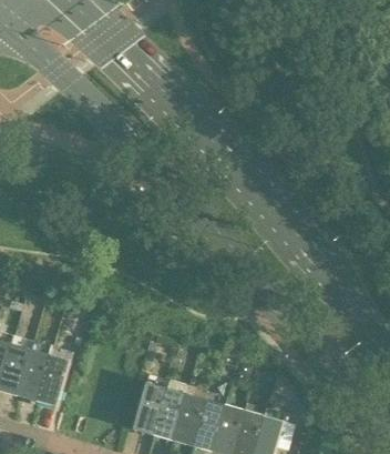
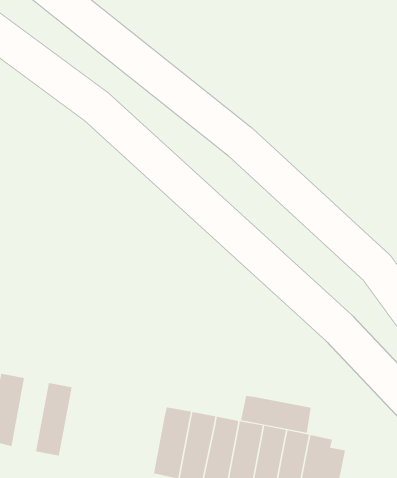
building: [18,340,52,402] -> none
building: none -> [240,395,311,434]

